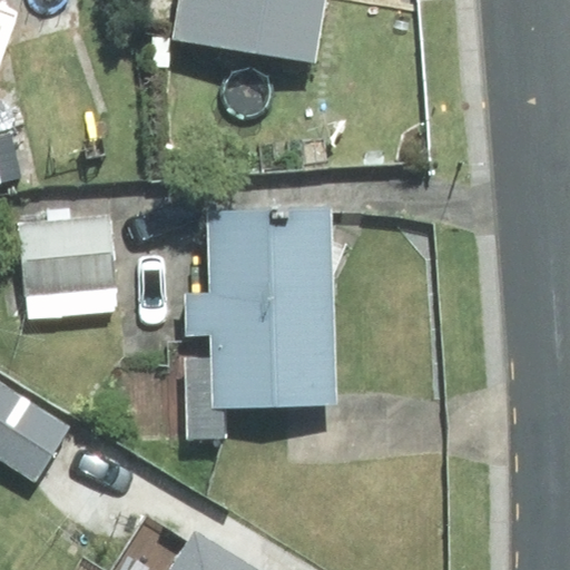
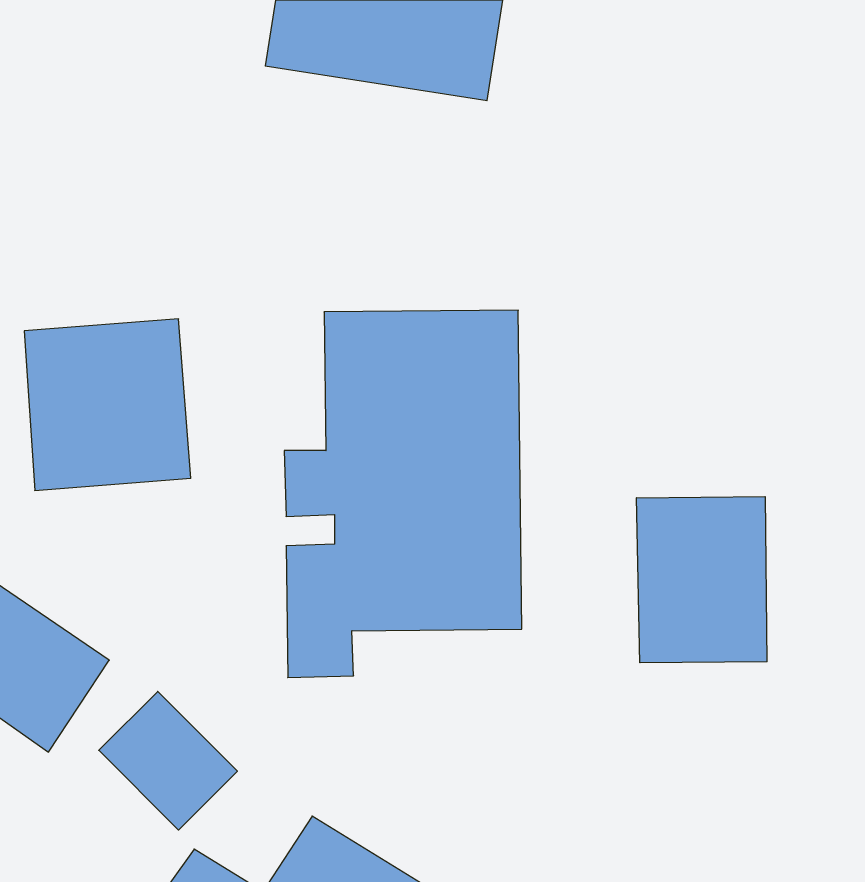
building: none -> [637,497,767,663]

